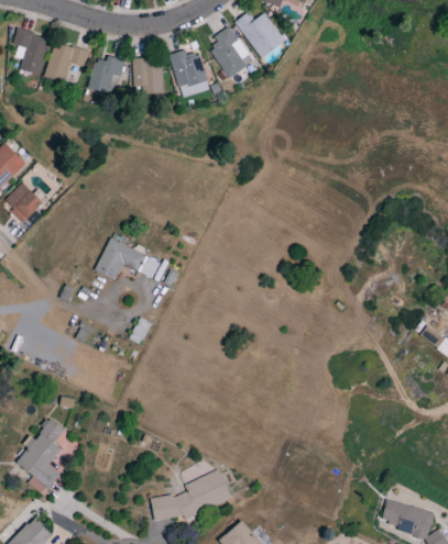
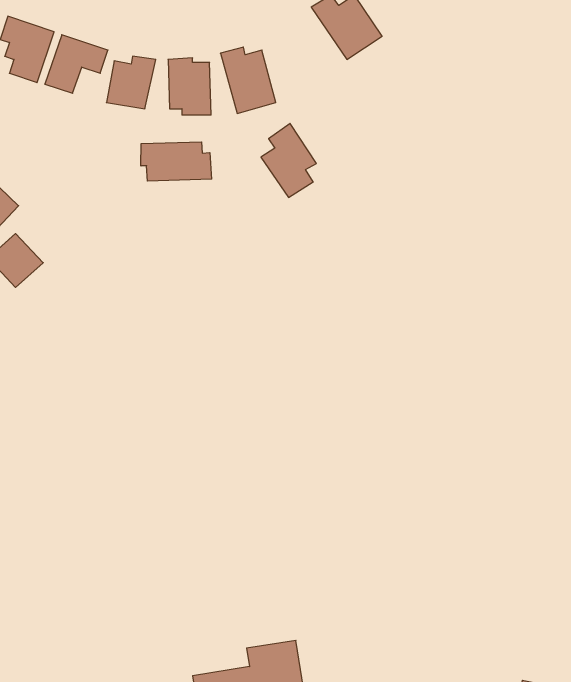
building: [210,25,250,78] -> [261,123,316,197]
building: none -> [141,142,212,181]
building: [97,238,162,280] -> none
building: [18,419,65,493] -> none

